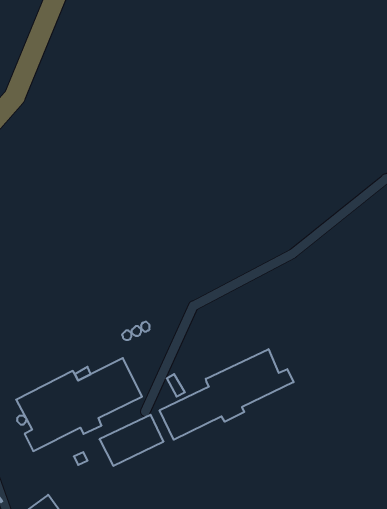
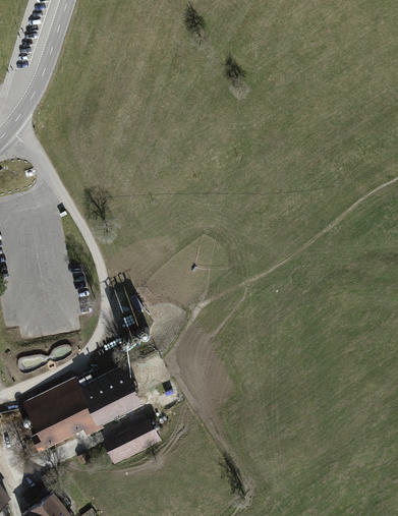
building: [160,349,294,440] -> none

